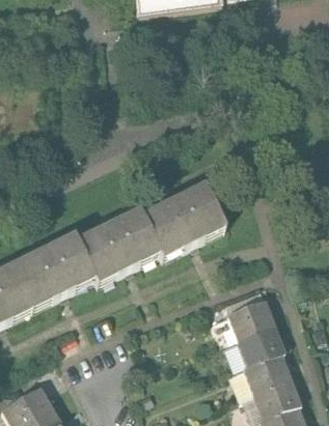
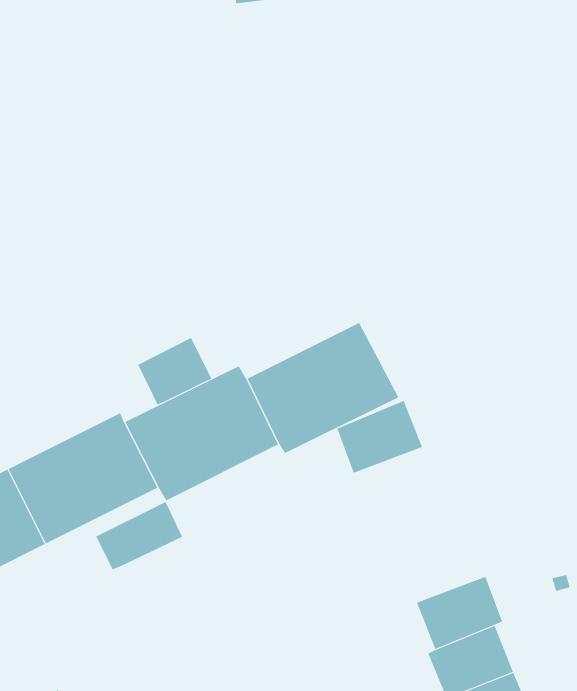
building: none -> [138,337,212,405]
building: none -> [95,501,183,570]
building: [226,297,274,338] -> [336,400,423,474]

